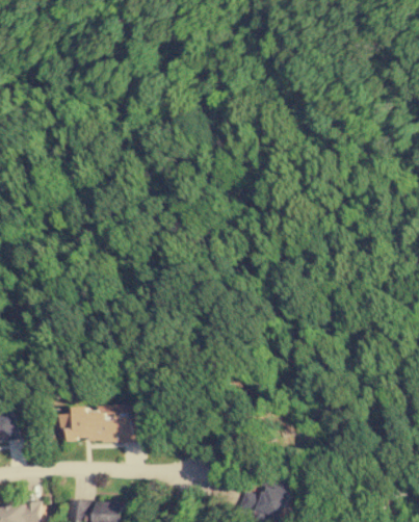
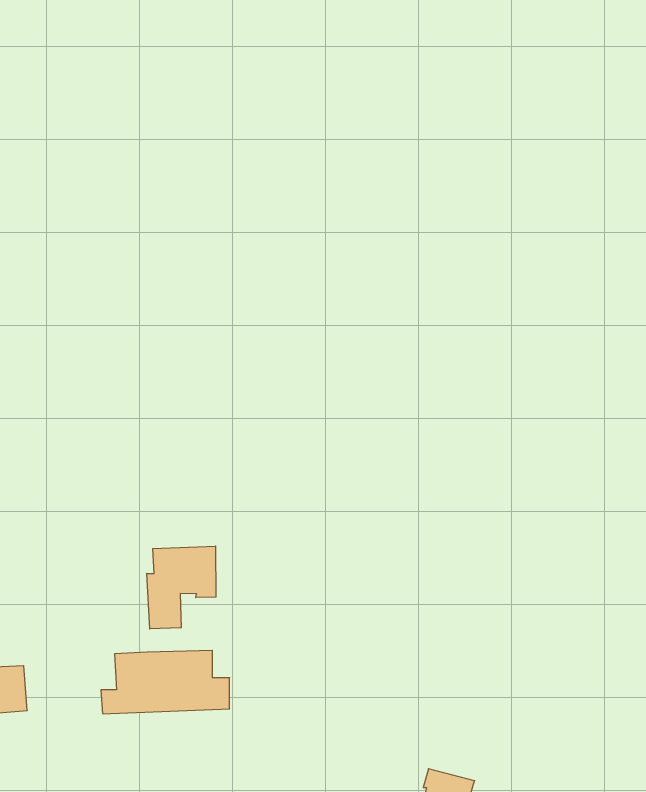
building: none -> [147,546,216,629]

